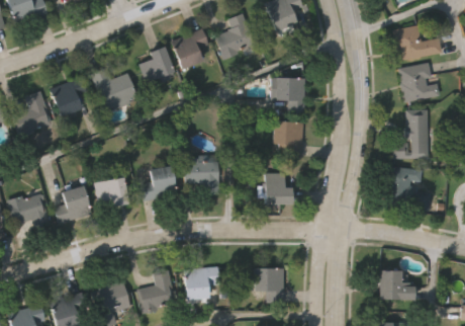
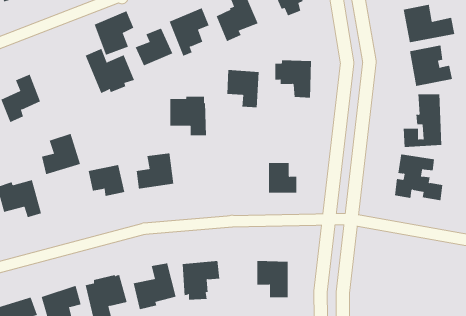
building: [50,75,88,117] -> [94,11,134,55]
building: [274,121,305,158] -> [226,70,260,108]
building: [185,156,220,193] -> [170,96,207,136]
building: [55,185,92,225] -> [41,133,81,175]
building: [379,271,414,302] -> none

